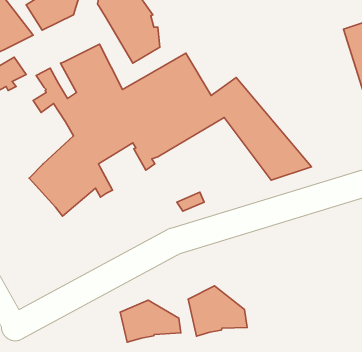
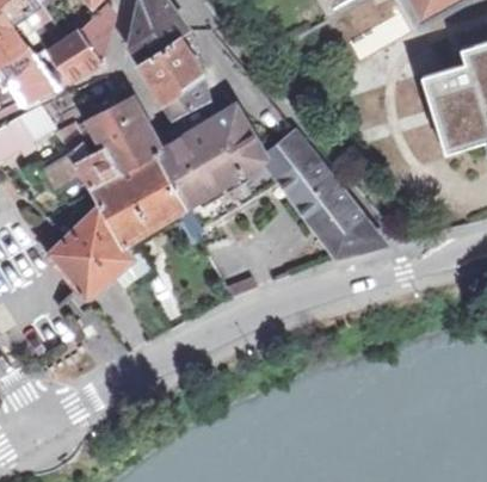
building: [188,286,247,336] -> none
building: [120,300,181,342] -> none

